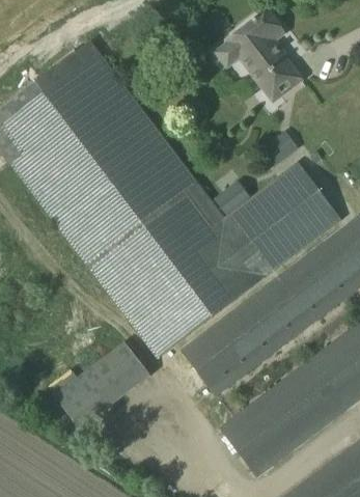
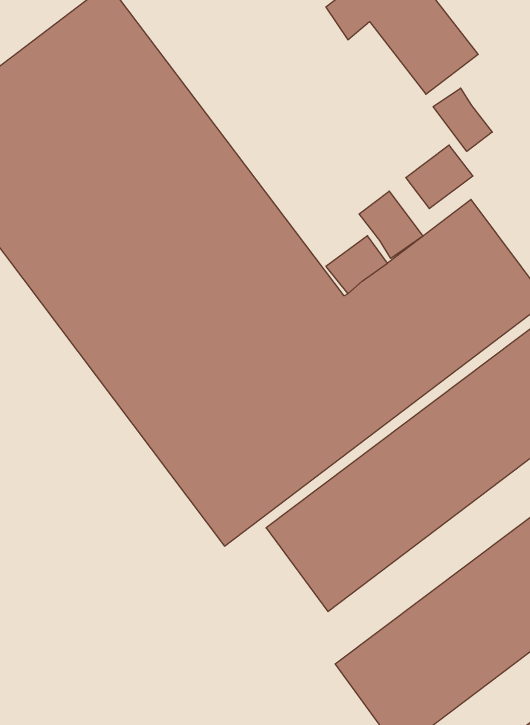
building: none -> [433,88,492,151]
building: none -> [359,191,423,258]
building: [56,341,151,430] -> none

